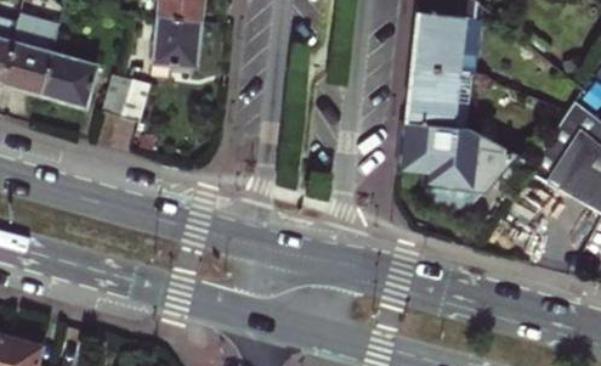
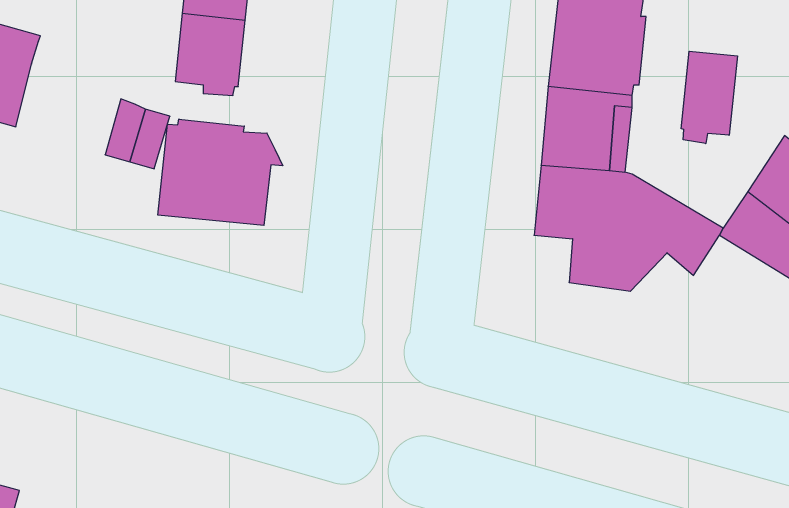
building: none -> [681,51,737,144]
building: [41,50,96,106] -> none
building: none -> [158,119,283,225]

